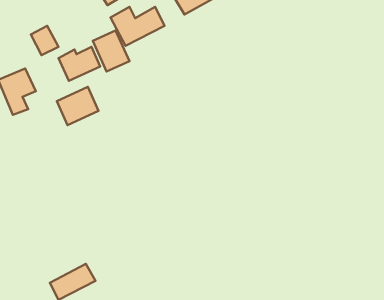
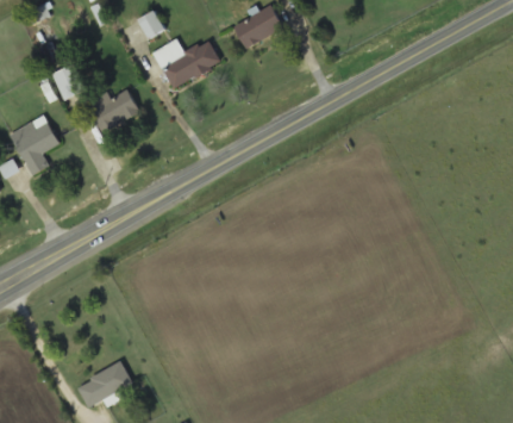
building: [93,31,129,71] -> none
building: [57,87,99,125] -> none

